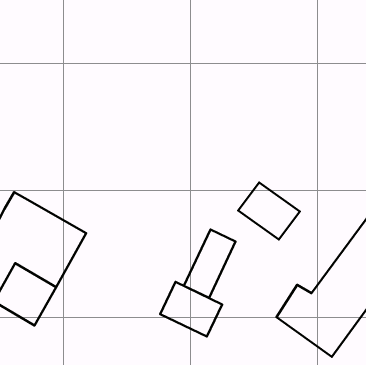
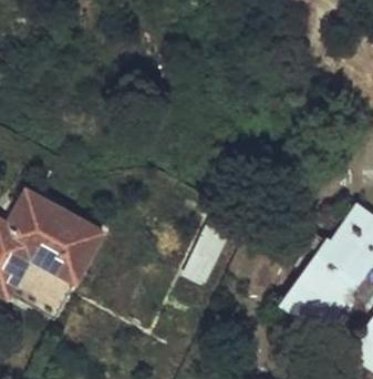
building: [238,182,300,239] -> none
building: [160,282,222,337] -> none

